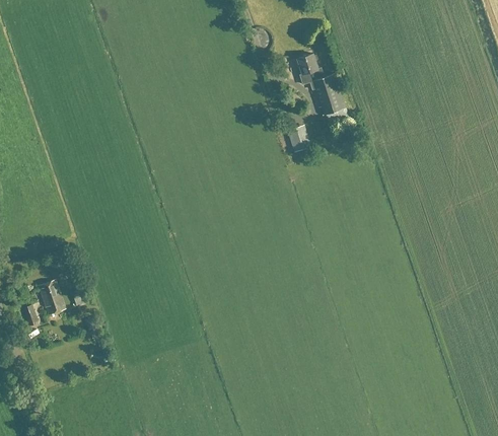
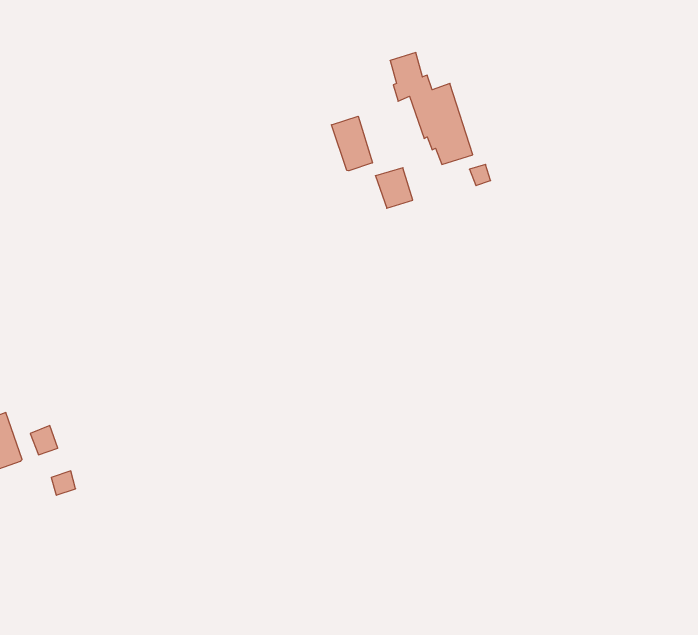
building: none -> [331,116,372,171]

